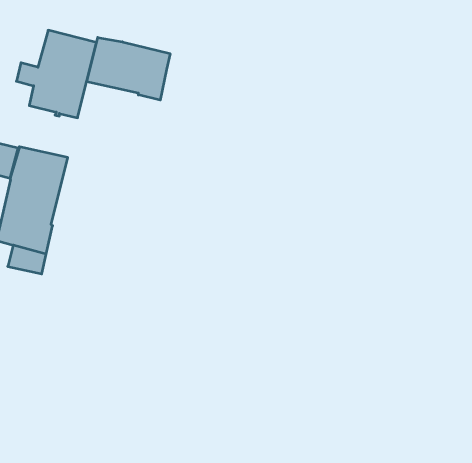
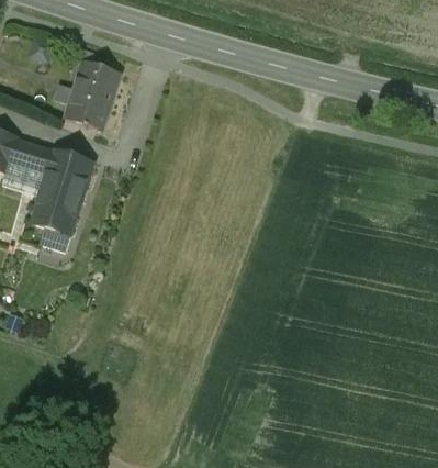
building: [87,37,170,100] -> none

